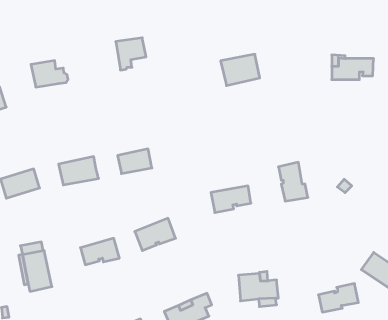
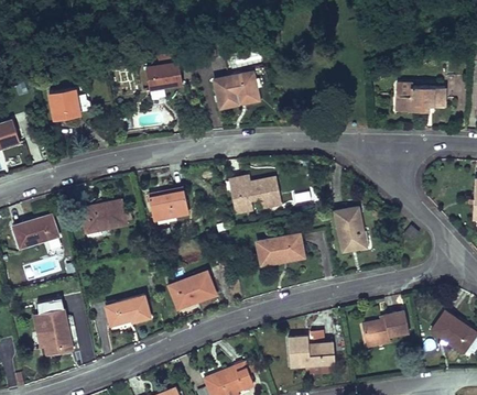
building: [221,54,260,86] -> [214,72,259,108]
building: none -> [230,175,281,213]
building: [318,284,358,312] -> [362,310,409,343]

